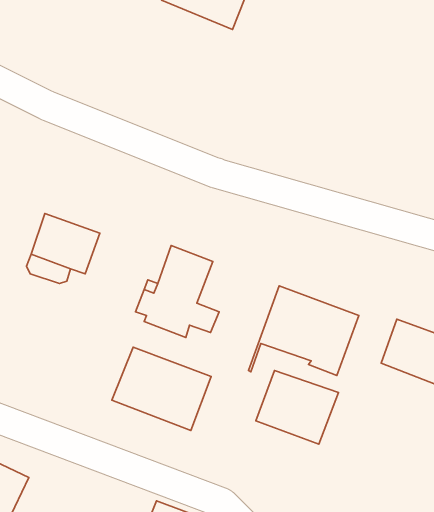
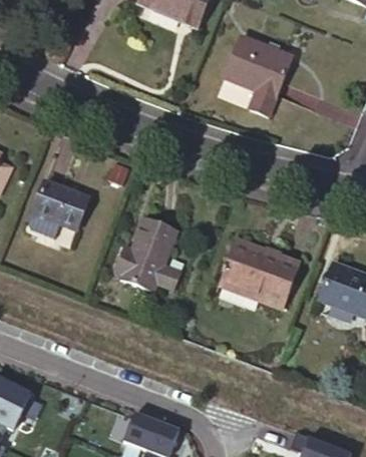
building: none -> [224,39,291,117]
building: [112,347,211,430] -> none
building: [256,370,338,444] -> none

